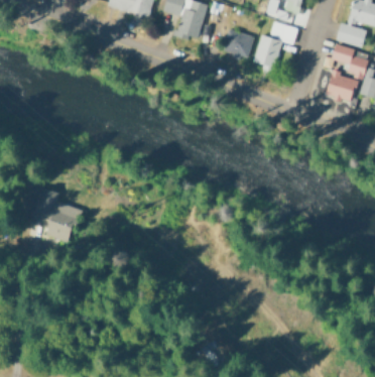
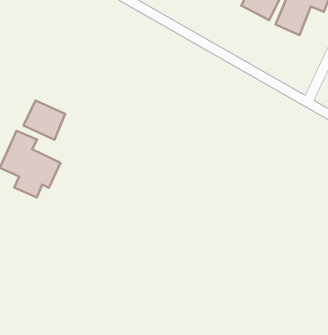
building: none -> [24,101,65,140]

